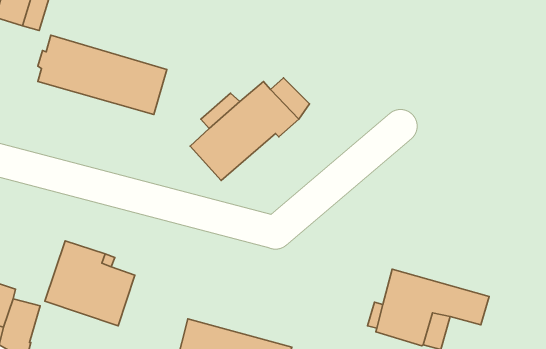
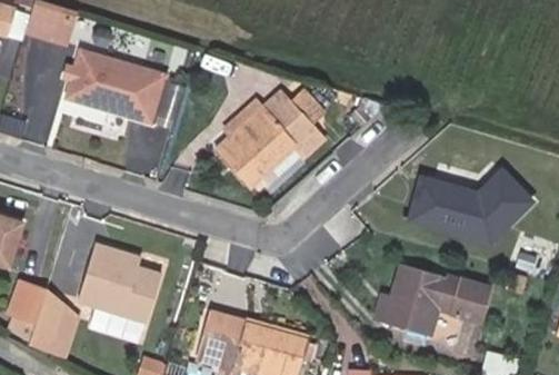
building: none -> [410,167,540,245]

